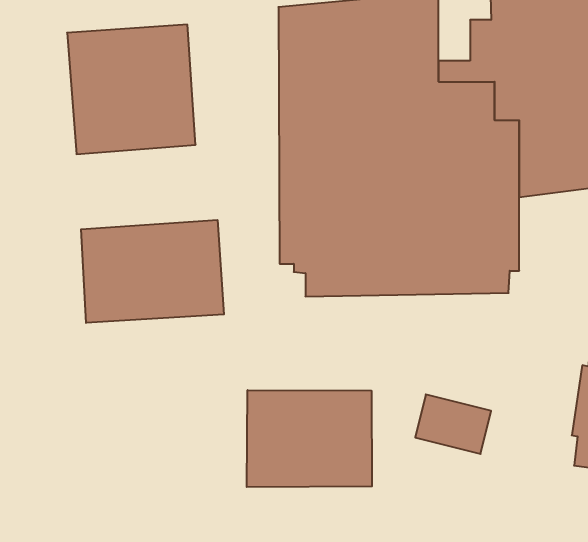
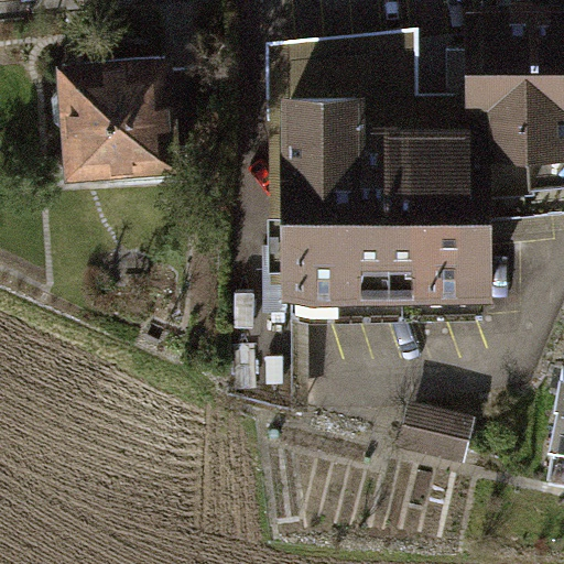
building: [81,220,224,323] -> none
building: [247,390,372,487] -> none

